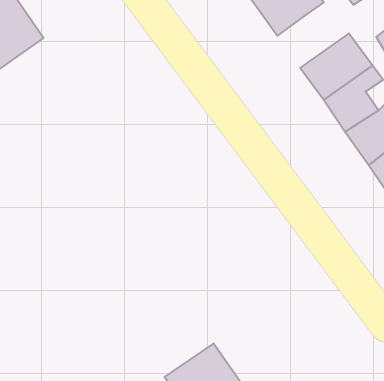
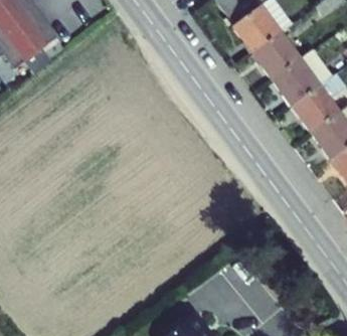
building: none -> [251,21,298,67]

